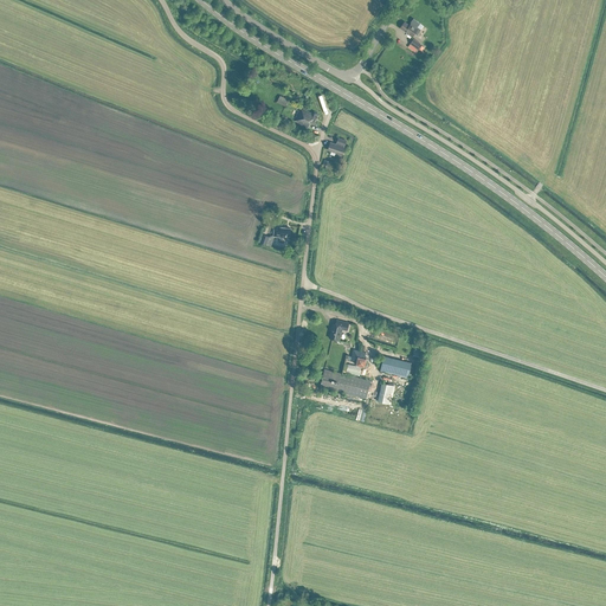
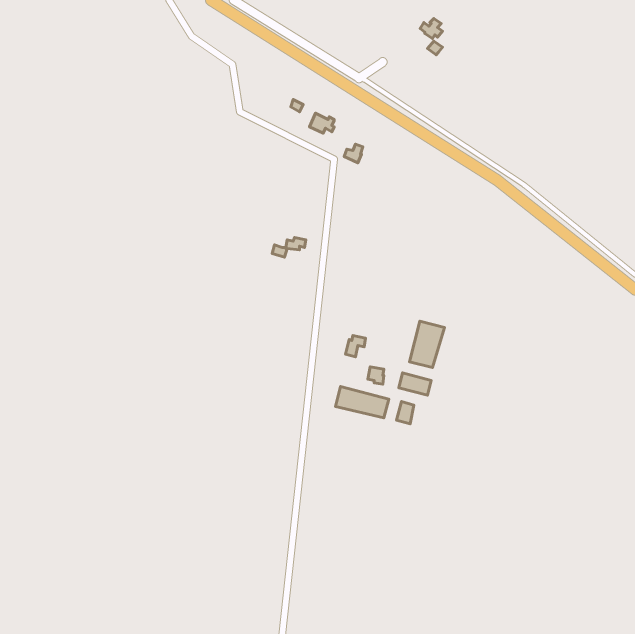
building: none -> [409,321,444,368]

